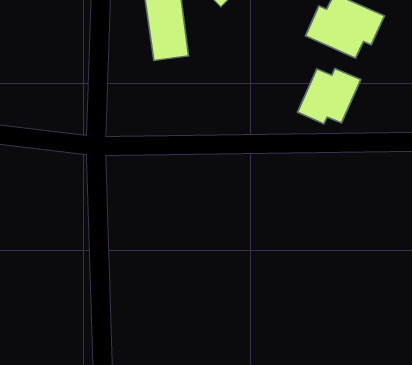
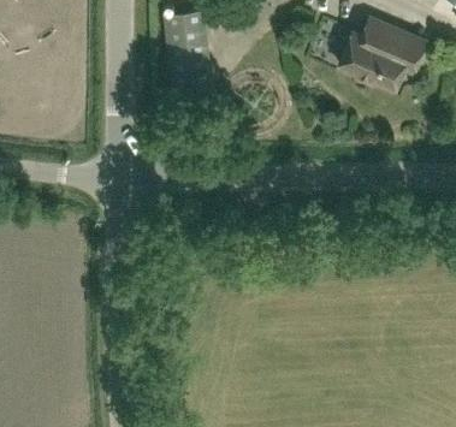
building: [297,68,361,124] -> none

